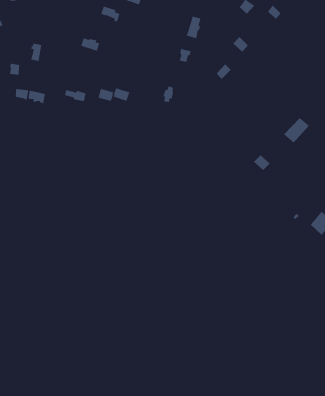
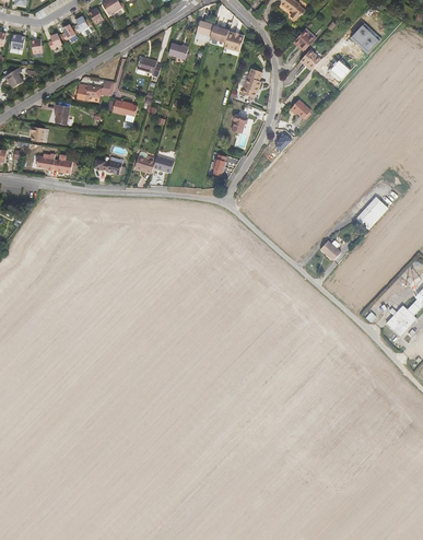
building: none -> [72,81,109,101]

